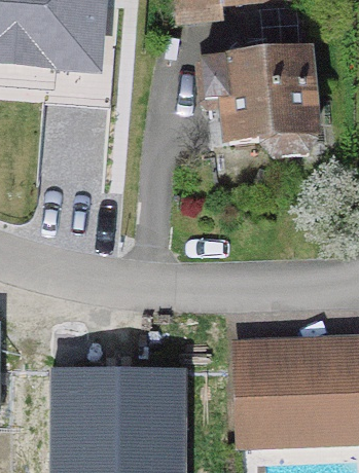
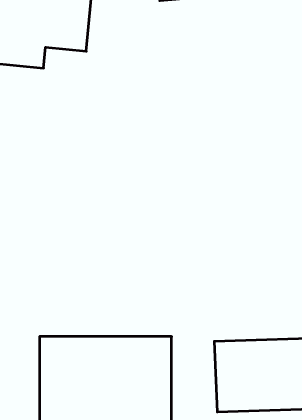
building: [199,52,310,156] -> none

